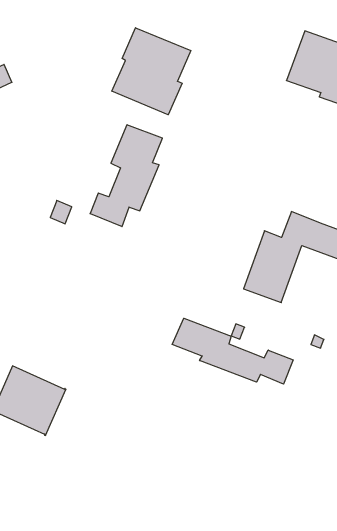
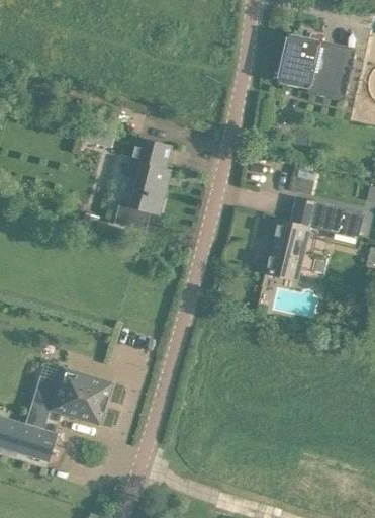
building: [112,28,191,115] -> none
building: [172,318,293,384] -> none

